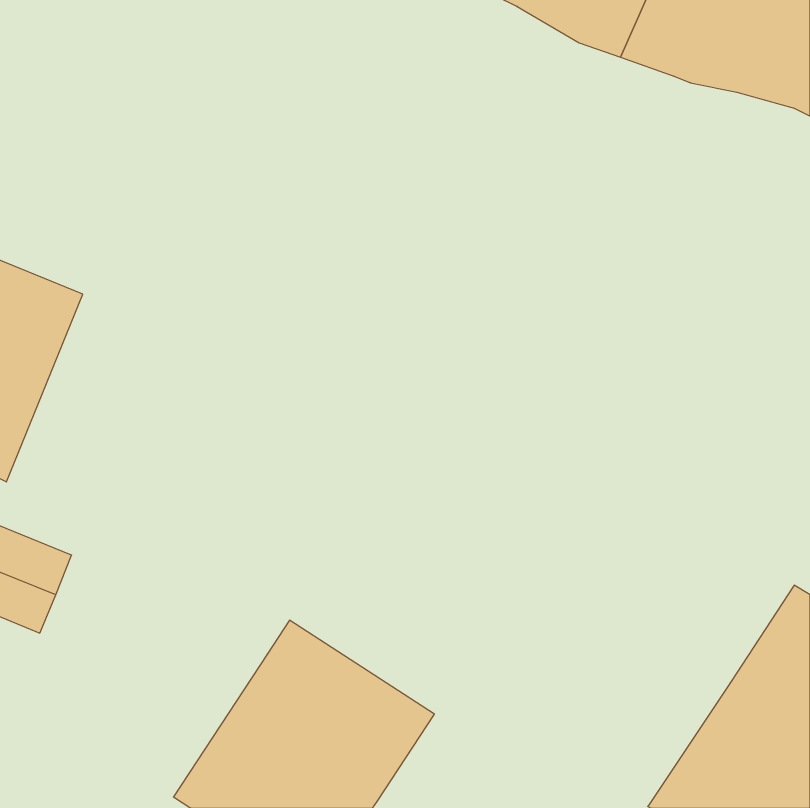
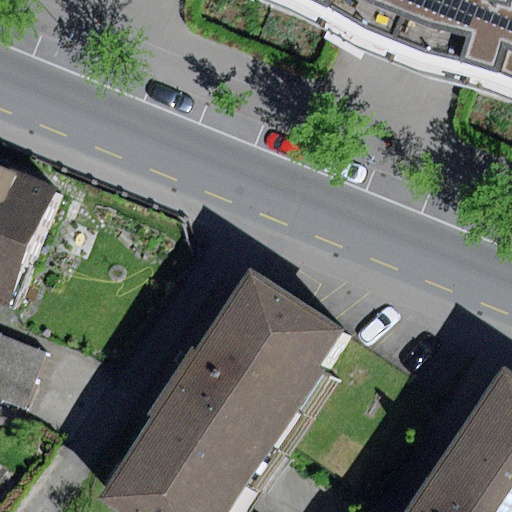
building: none -> [182,273,350,449]

